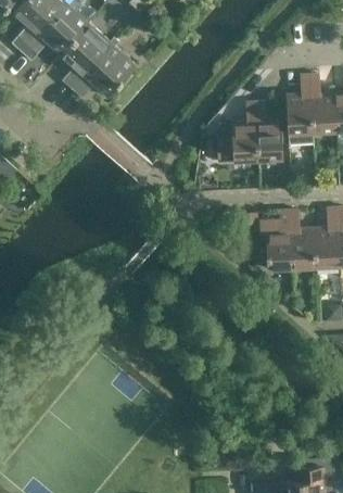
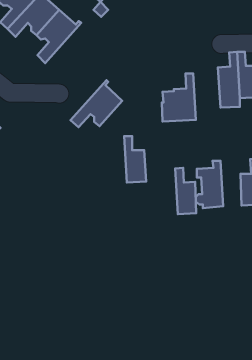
building: [72,39,136,98] -> [70,80,122,127]
building: [255,102,282,160] -> [124,136,146,182]
building: [289,210,315,267] -> [175,168,196,214]

